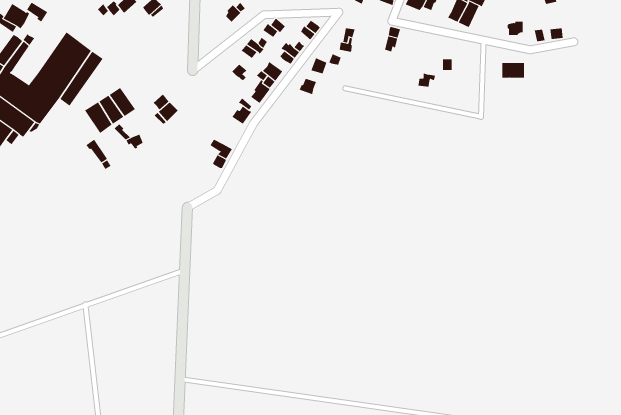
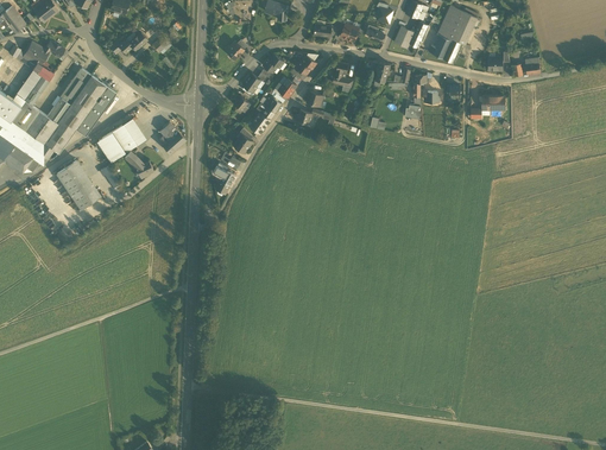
building: none -> [56,159,99,208]

